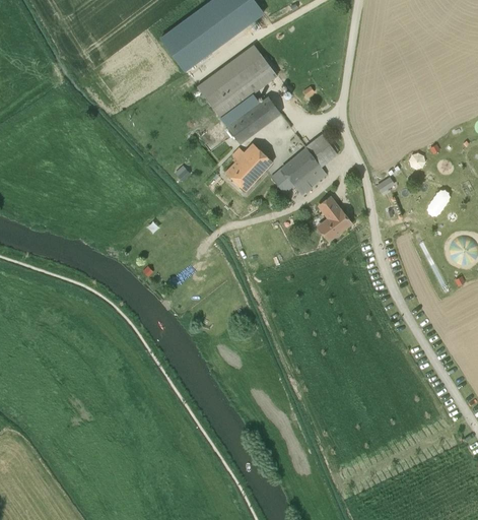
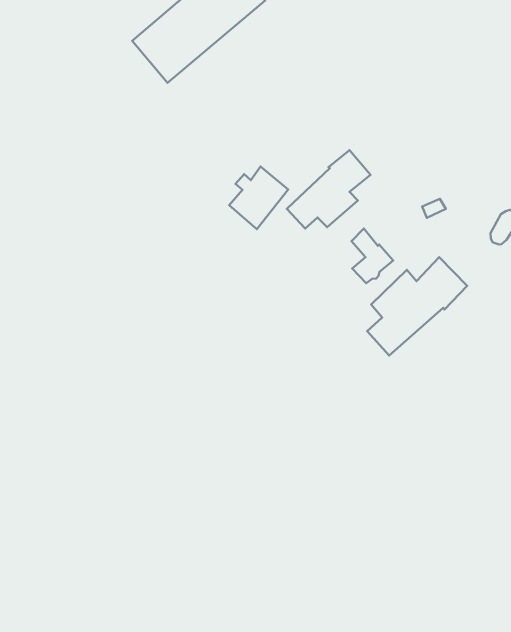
building: [197,46,280,144] -> none
building: none -> [367,257,467,355]

